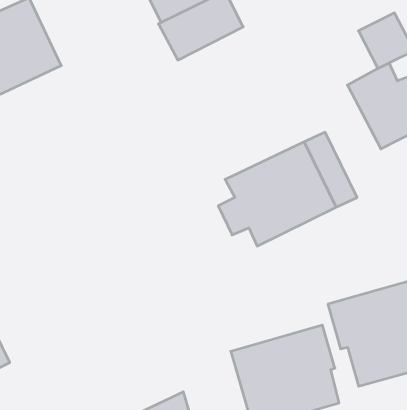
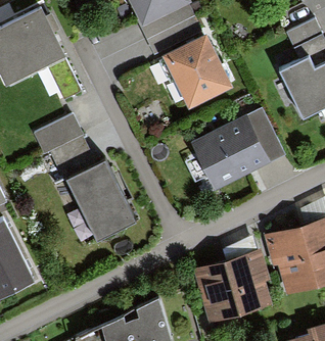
building: none -> [161,35,230,108]
building: none -> [36,113,91,170]
building: none -> [64,160,136,243]

